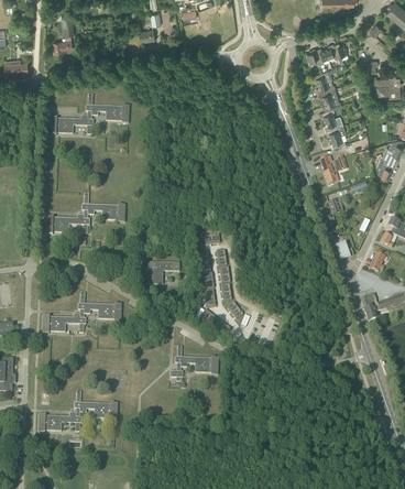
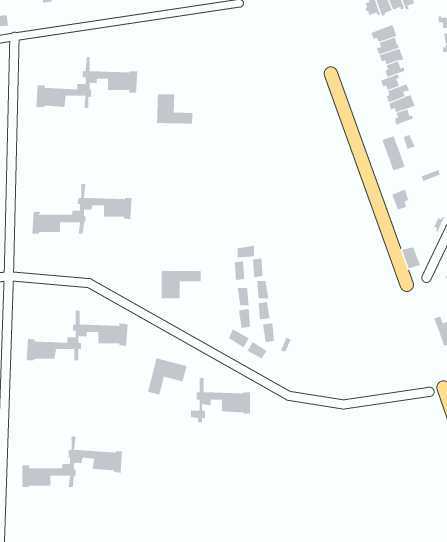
building: none -> [157,93,193,125]
building: none -> [147,358,187,395]

